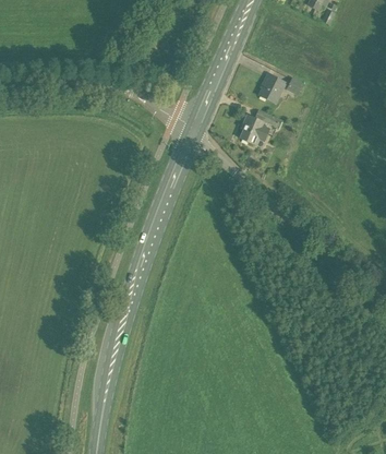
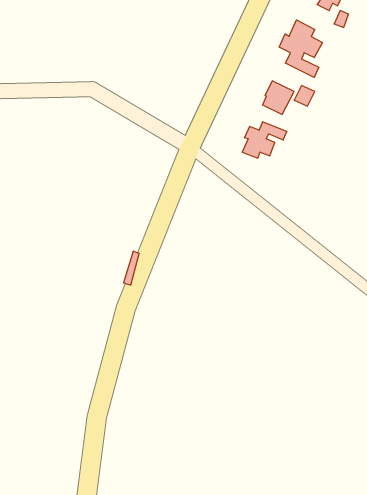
building: none -> [279,20,322,77]

